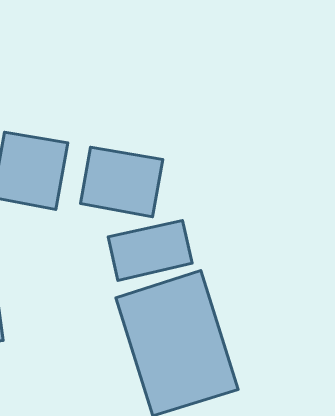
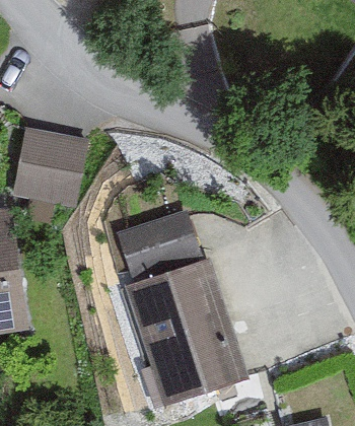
building: [81,147,163,217] -> none

